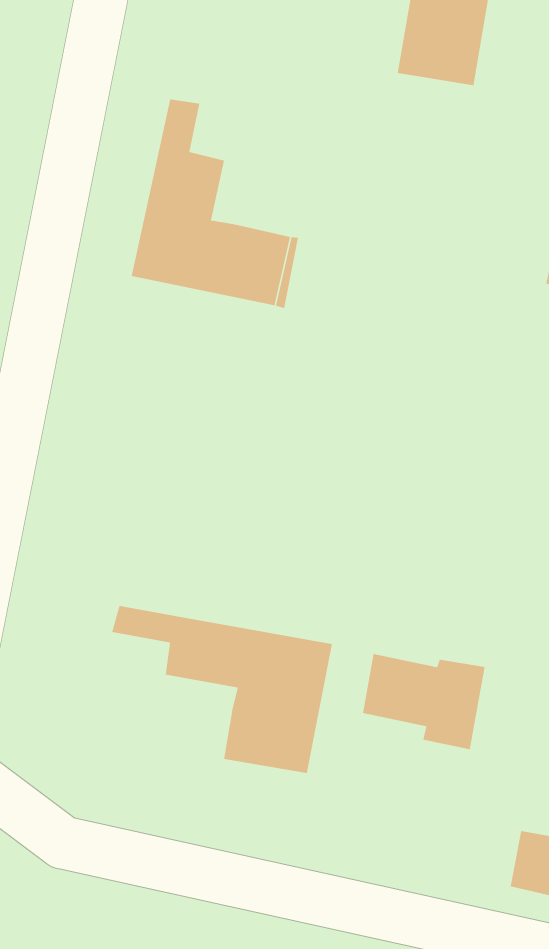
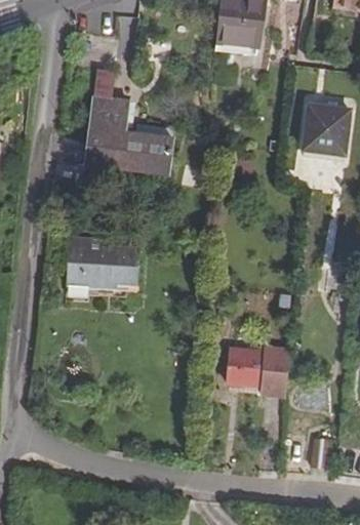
building: none -> [68,237,139,288]
building: [112,605,332,774] -> none

